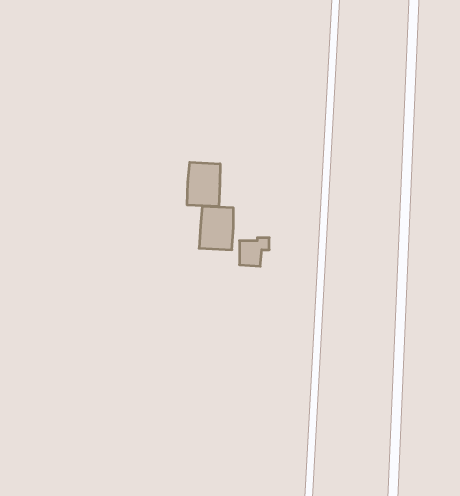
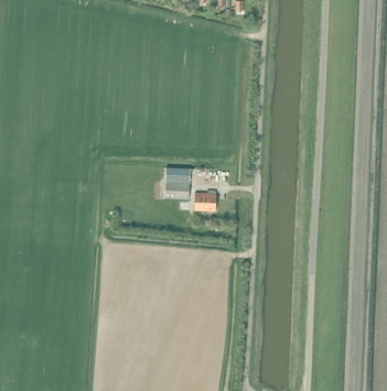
building: [187,162,220,207] -> none

